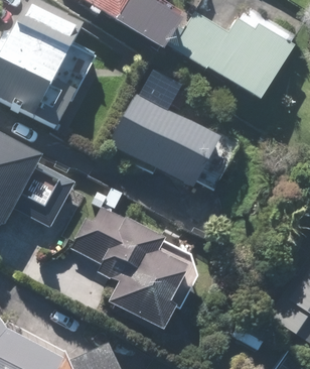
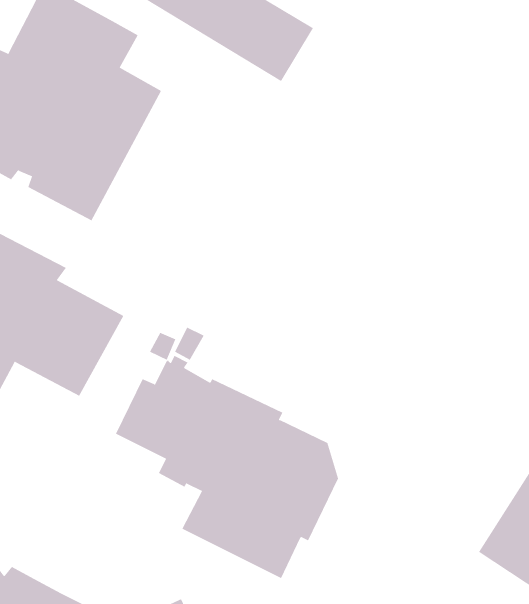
building: [174,11,294,100] -> none
building: [105,72,238,190] -> none

